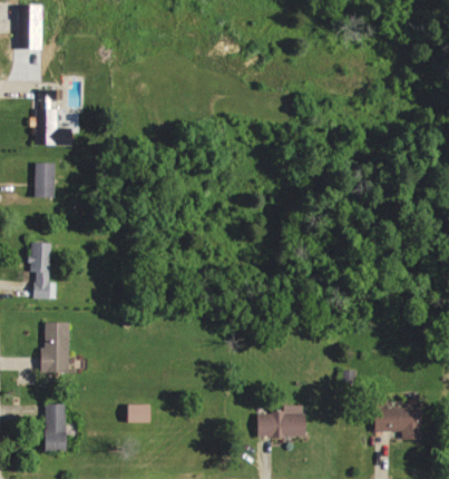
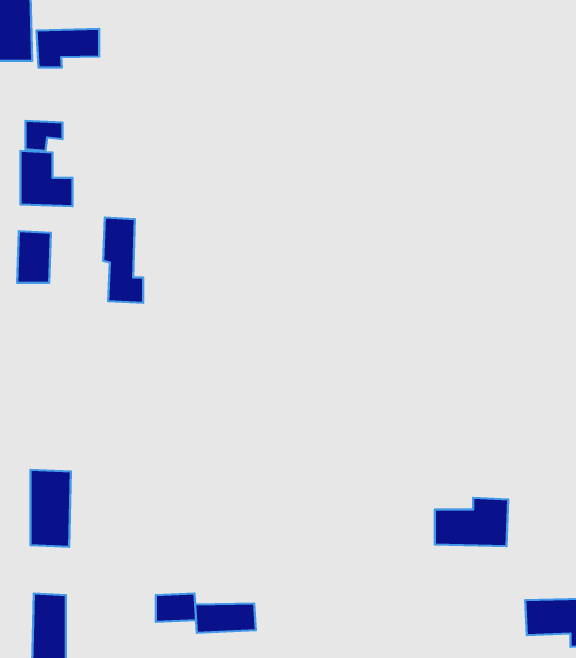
building: none -> [37,29,99,68]
building: [30,242,57,299] -> [103,218,143,303]
building: [257,404,306,437] -> [435,498,508,546]
building: none -> [195,603,256,633]

